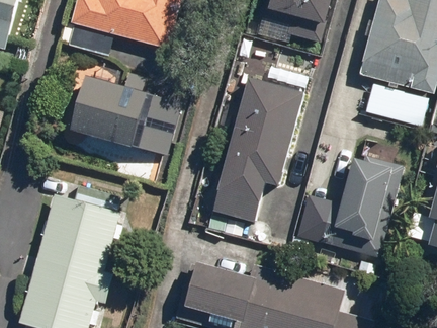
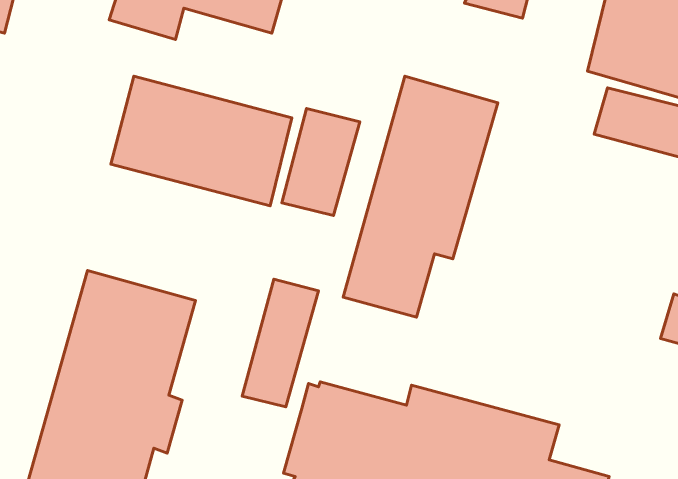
building: none -> [282,108,360,215]
building: [301,155,403,258] -> none
building: none -> [242,279,319,407]

